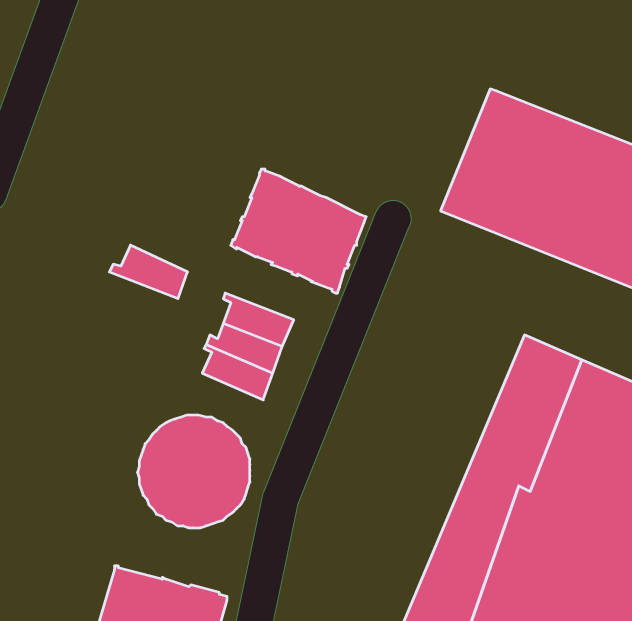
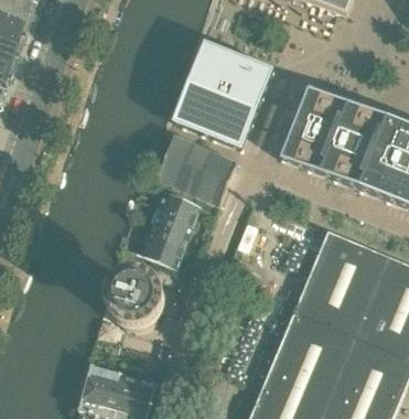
building: none -> [172,41,273,149]
building: [109,245,188,299] -> [154,189,200,219]

